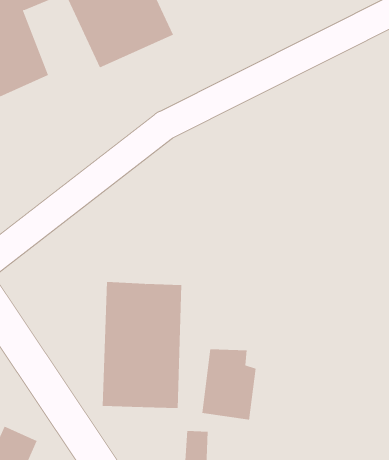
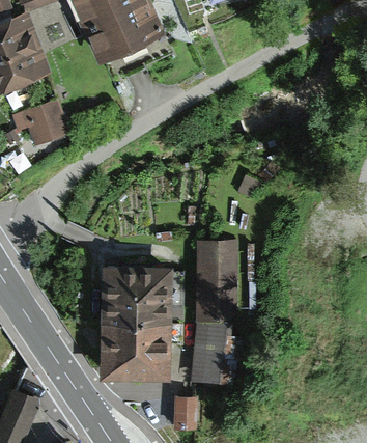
building: none -> [12,98,69,143]
building: none -> [196,237,237,317]

